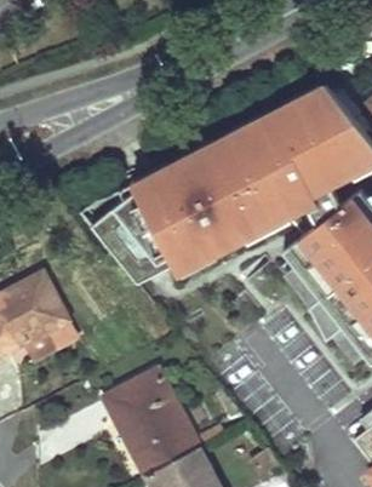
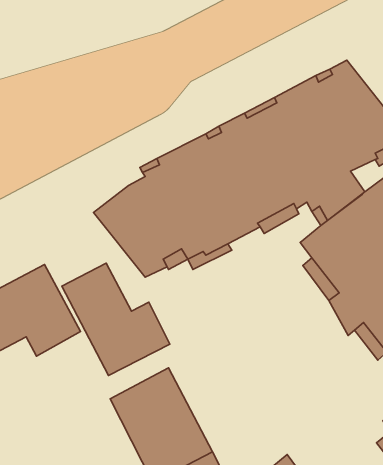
building: none -> [62,263,170,375]

